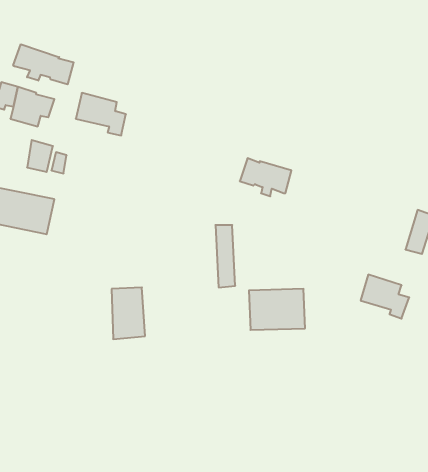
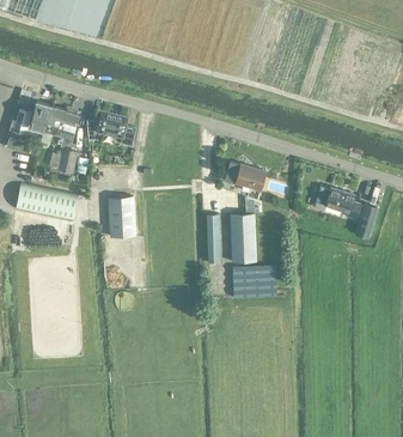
building: [13,44,74,84] -> none
building: none -> [230,213,255,262]
building: [361,275,409,319] -> [323,186,361,220]
building: [112,287,145,339] -> [108,196,134,237]

